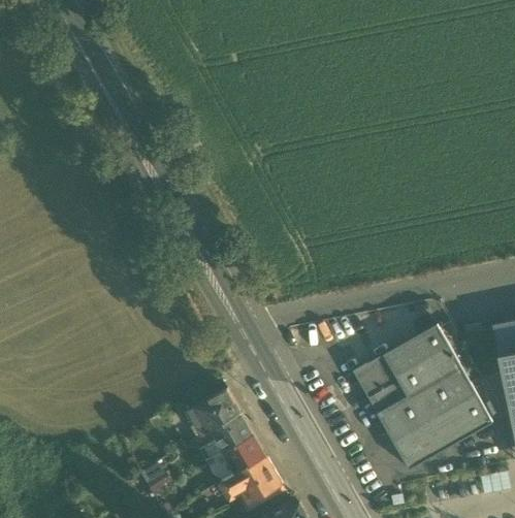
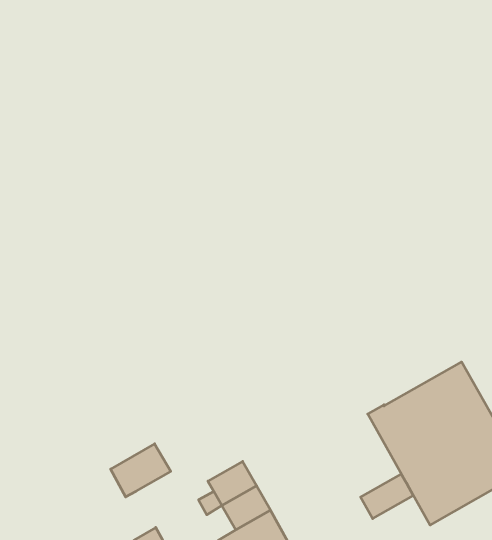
building: [188,388,242,435] -> [111,444,171,497]
building: none -> [361,474,413,519]

